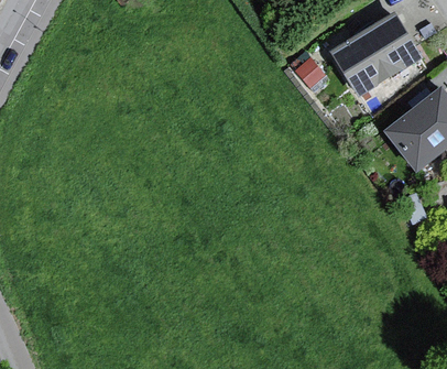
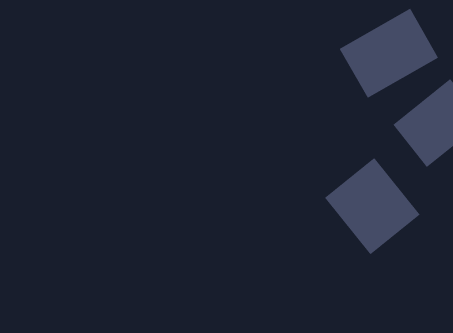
building: none -> [324,157,421,255]

